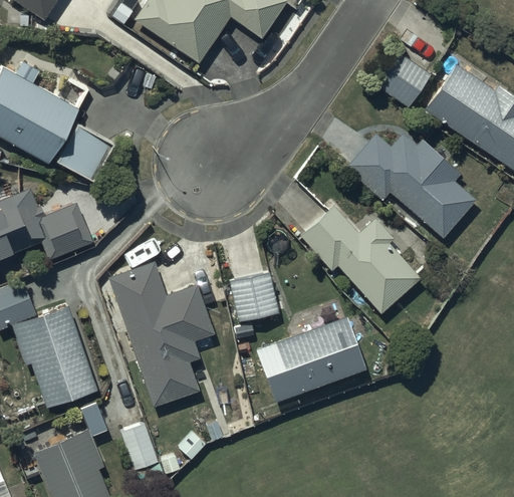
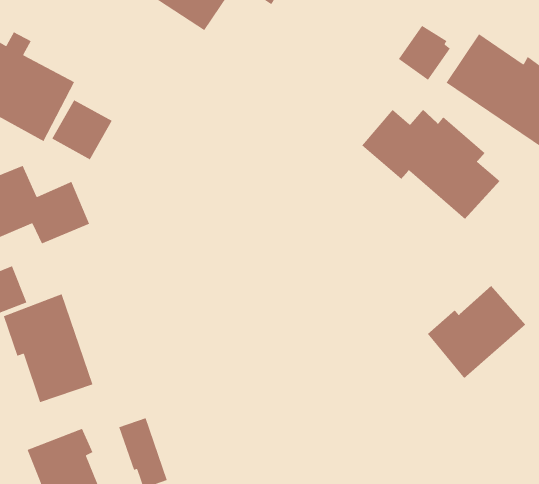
building: [301,206,421,314] -> none
building: [108,261,213,407] -> none
building: [230,273,279,322] -> none
building: none -> [427,285,526,379]
building: [256,316,364,401] -> none

